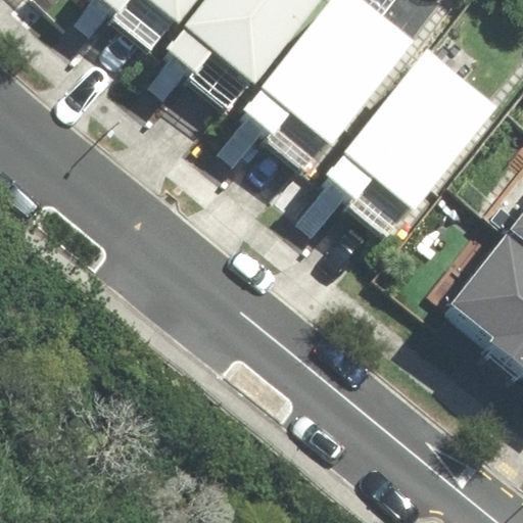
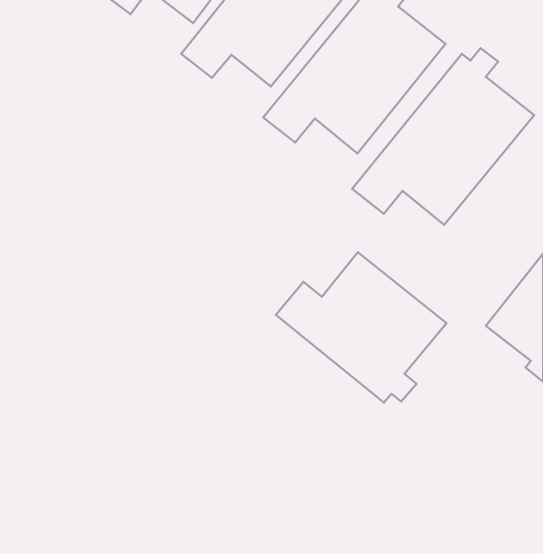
building: none -> [276,252,446,403]

